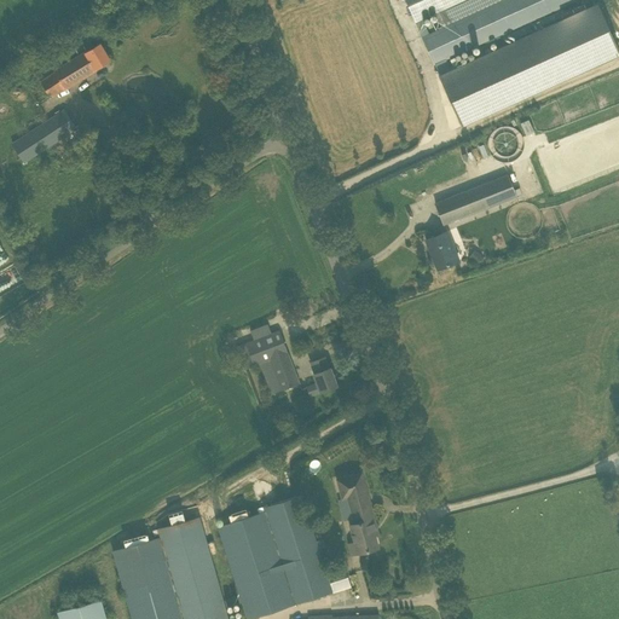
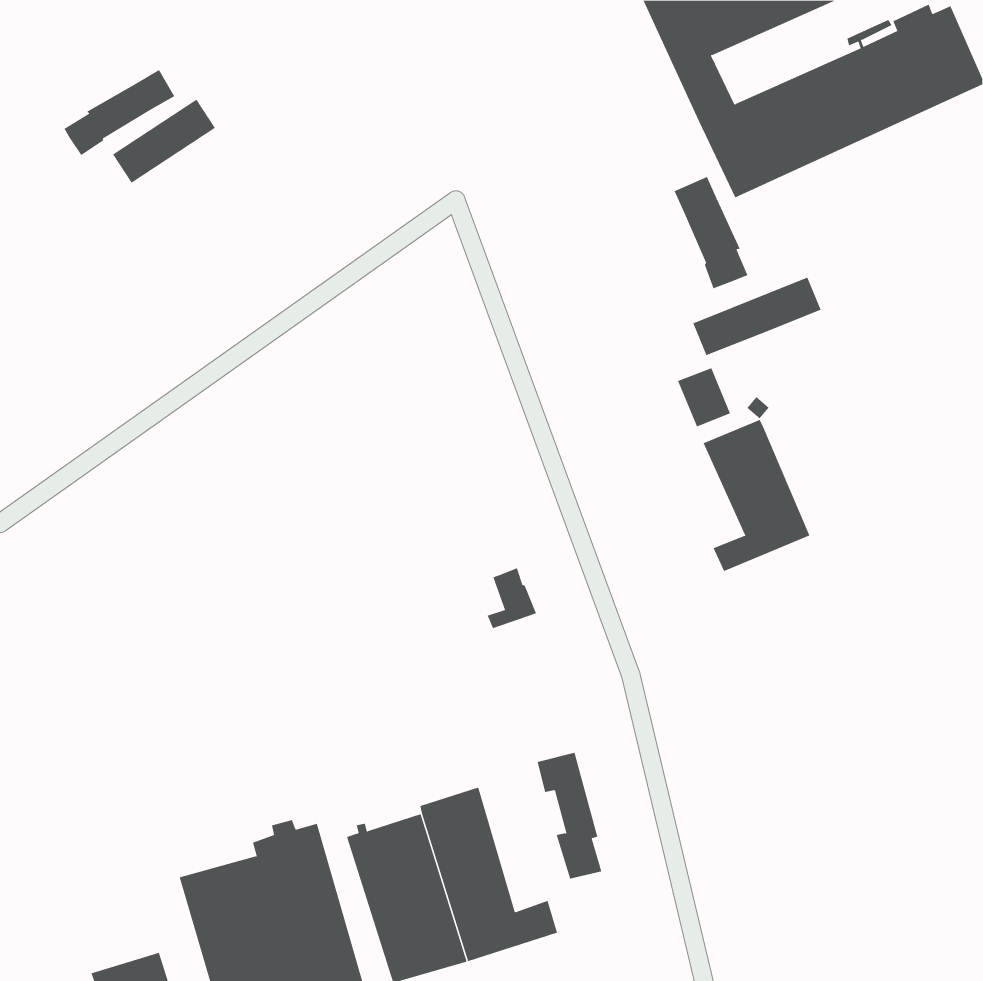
building: [12,110,77,163] -> [112,99,216,183]
building: none -> [674,176,748,289]
building: none -> [703,419,810,572]
building: [236,324,300,395] -> none

